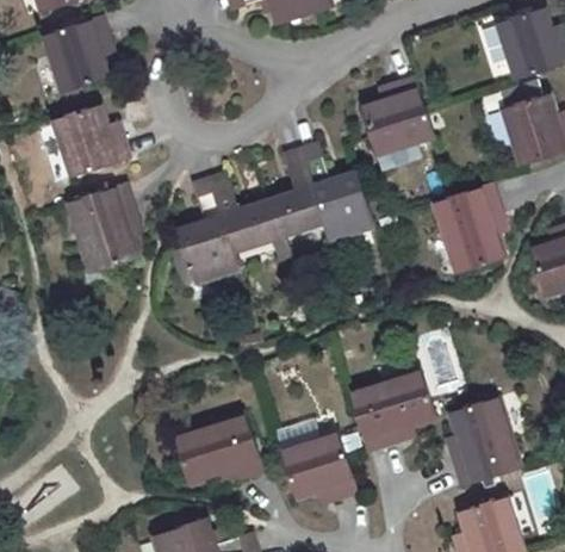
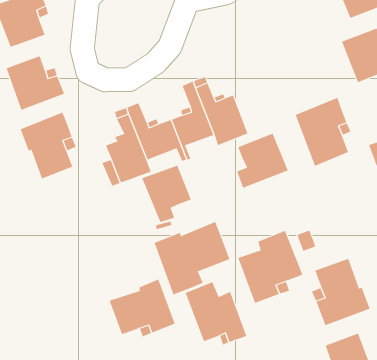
building: [362,80,433,156] -> none
building: none -> [237,133,289,188]
building: none -> [142,165,192,223]
building: none -> [154,221,230,295]

